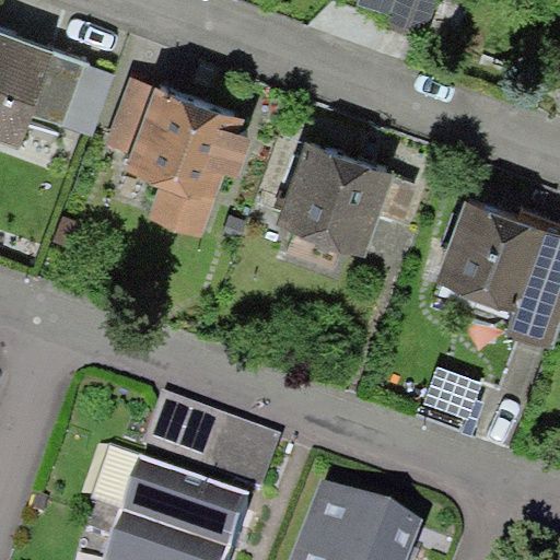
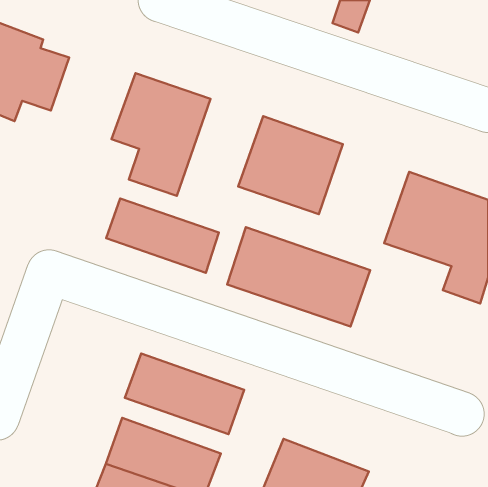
building: none -> [106,199,219,273]
building: none -> [227,227,370,327]

